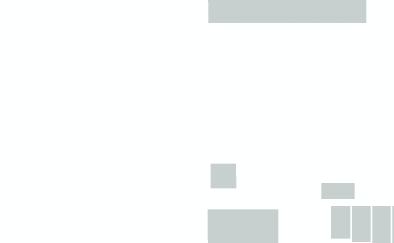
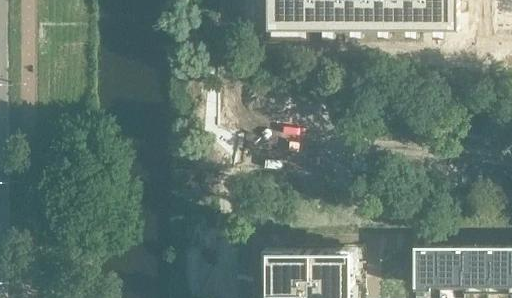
building: [207,163,237,189] -> none
building: [321,182,359,200] -> none

